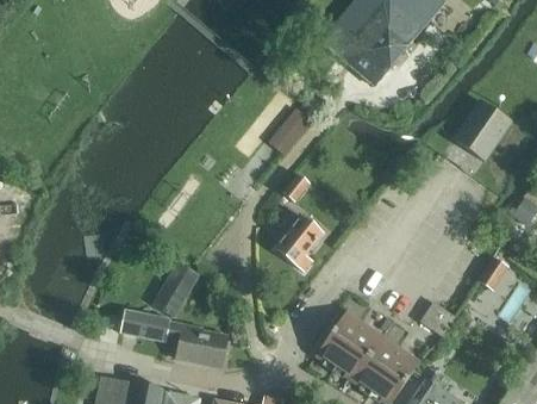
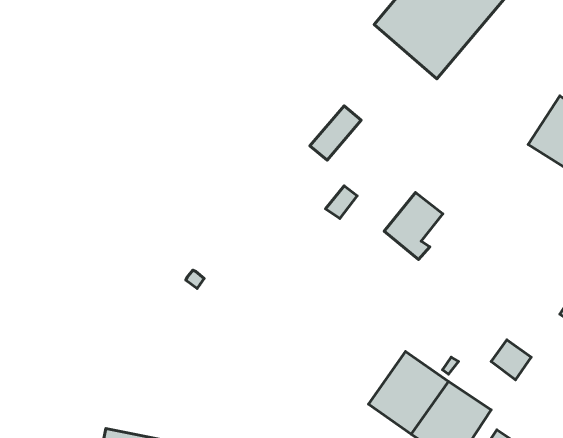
building: [275,215,324,271] -> [384,193,443,260]
building: [155,263,198,316] -> none
building: [123,311,229,367] -> none

